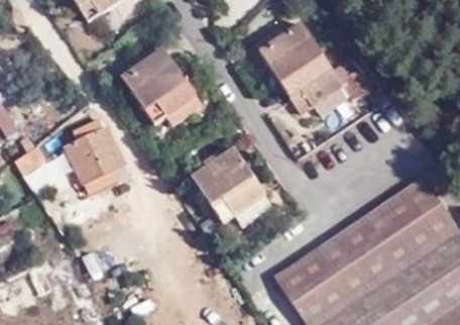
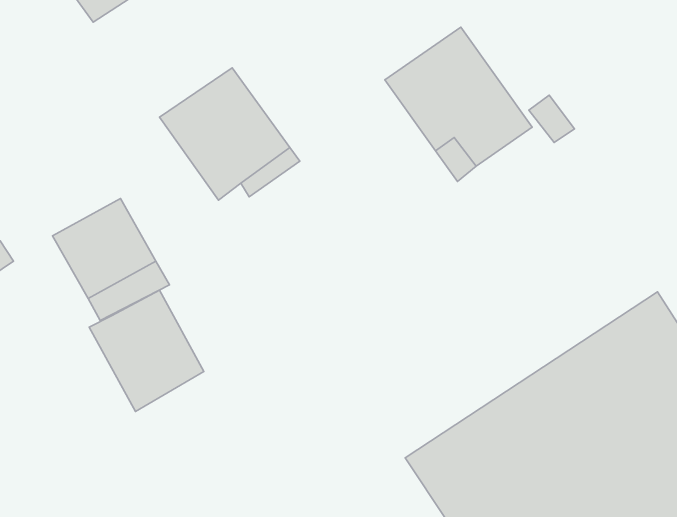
building: [198,150,273,223] -> none
building: none -> [89,290,204,411]

